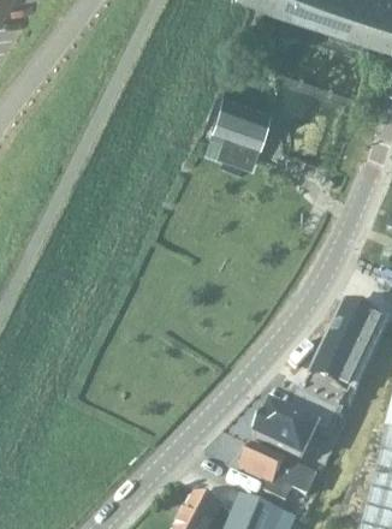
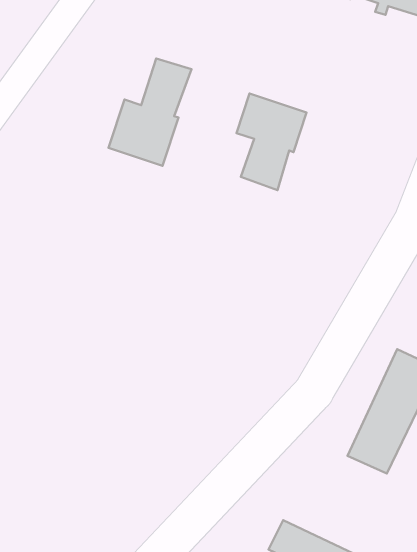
building: none -> [108,59,191,166]
building: [253,394,335,463] -> none

